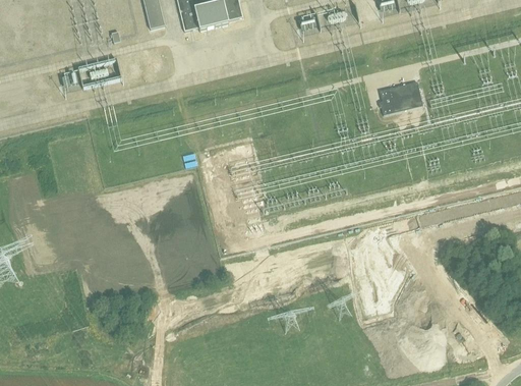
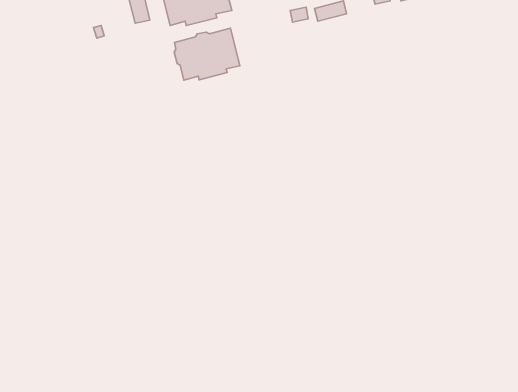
building: none -> [174,28,240,80]
building: [378,81,421,114] -> none

